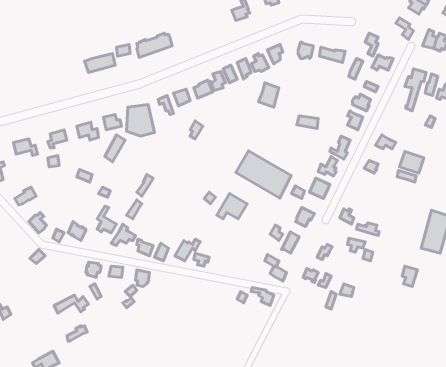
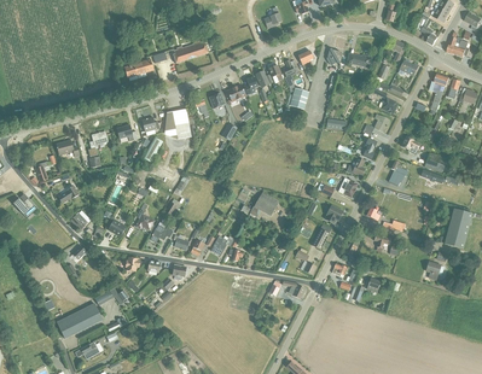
building: [236,151,291,198] -> none
building: none -> [56,303,101,338]

